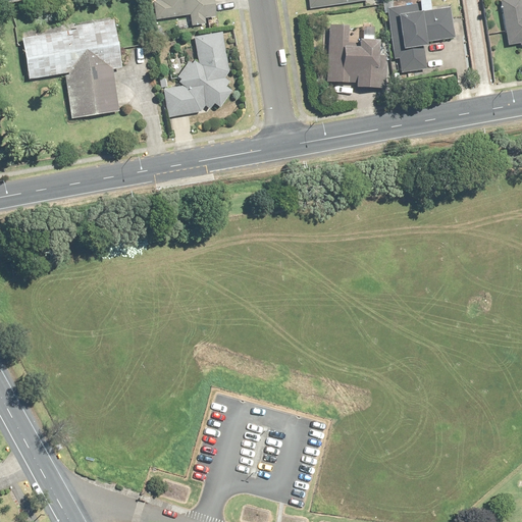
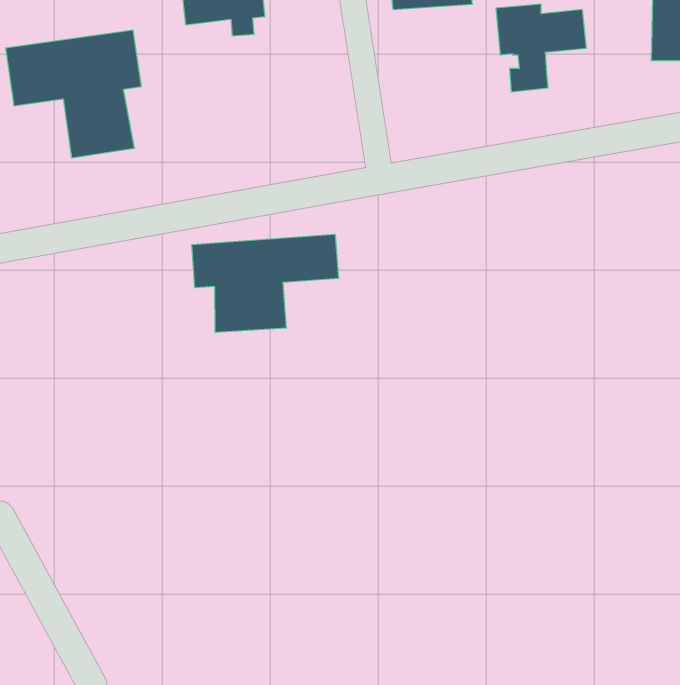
building: [322,22,381,88] -> none
building: [161,31,228,115] -> none
building: none -> [192,234,338,333]

